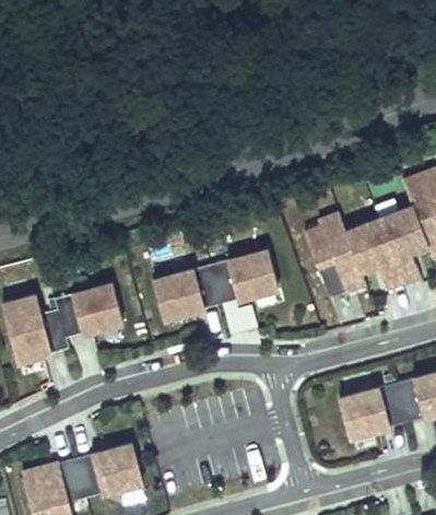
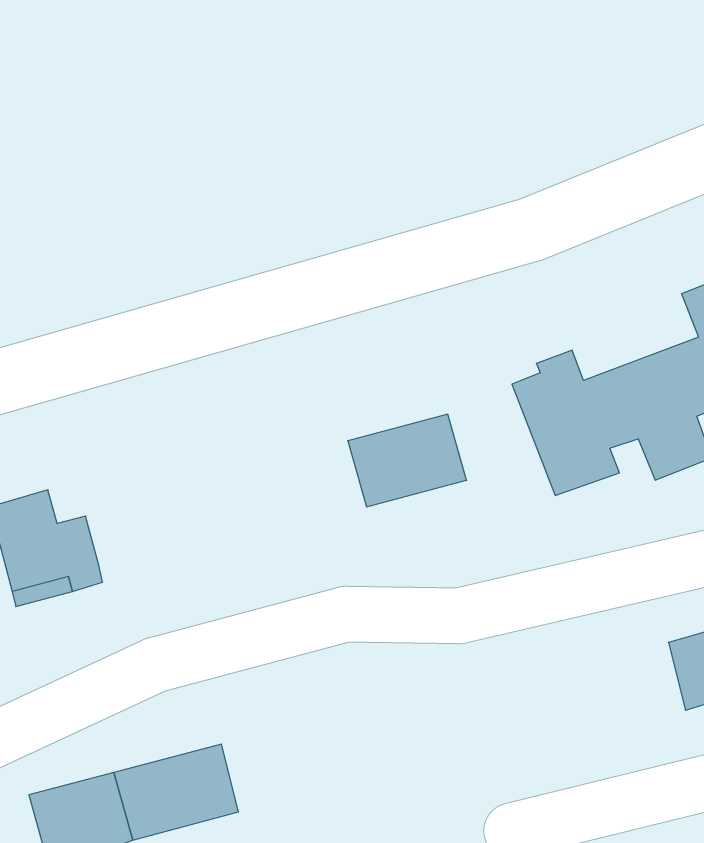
building: [153,266,221,319] -> none
building: [55,284,119,338] -> none
building: [338,383,405,437] -> none

